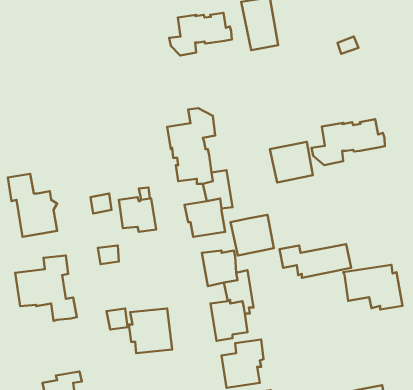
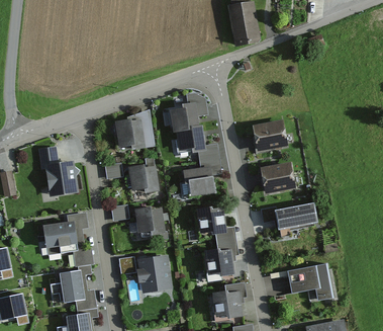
building: [169,13,232,55] -> none
building: [312,119,385,165] -> none
building: none -> [115,108,155,150]
building: [230,215,274,256] -> [260,161,295,194]
building: none -> [134,206,168,239]
building: [343,265,403,309] -> [287,264,336,301]
building: none -> [50,264,96,311]

